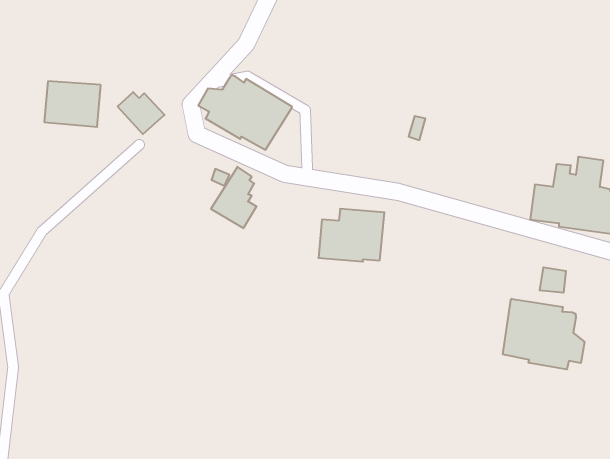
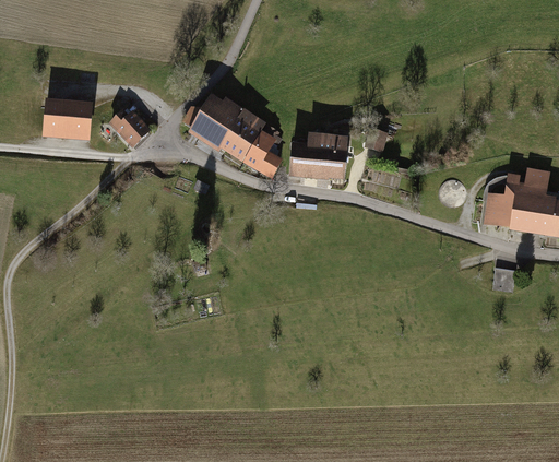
building: [211,167,257,228] -> [242,122,284,178]
building: [318,209,384,262] -> [287,132,347,180]
building: [503,299,585,369] -> none

